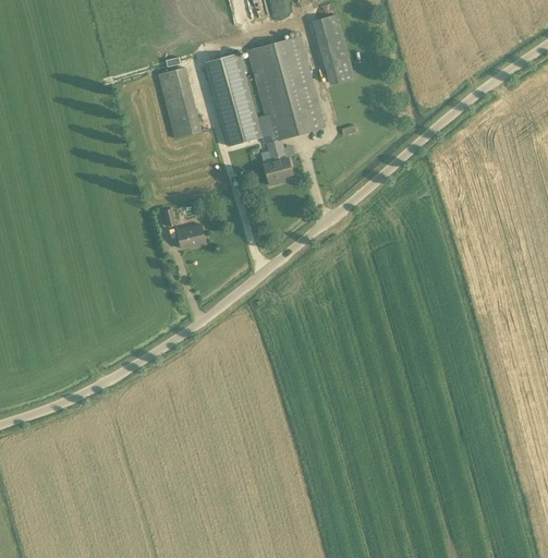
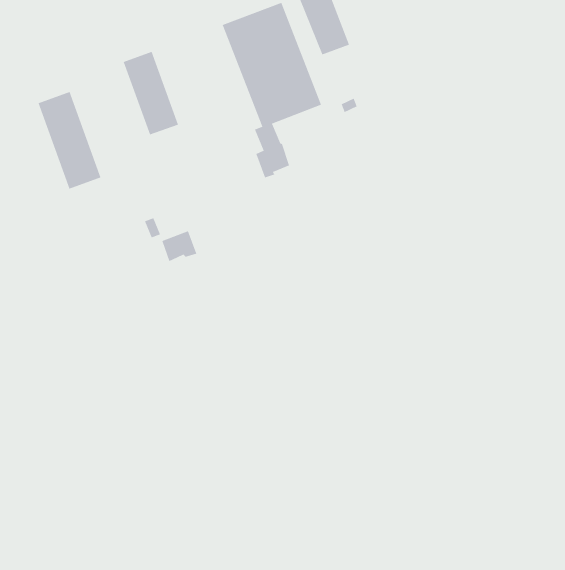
building: [204,51,260,145] -> none
building: none -> [38,91,101,189]

